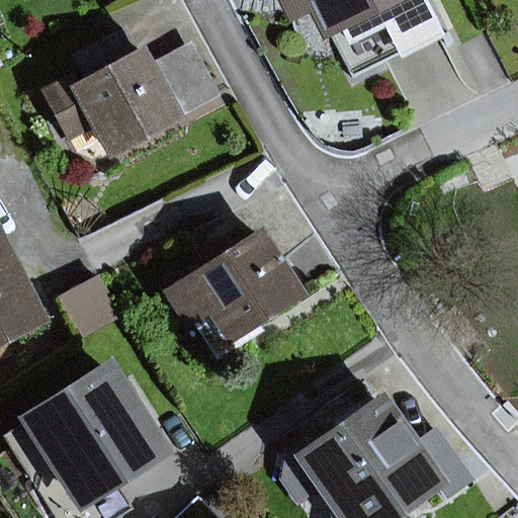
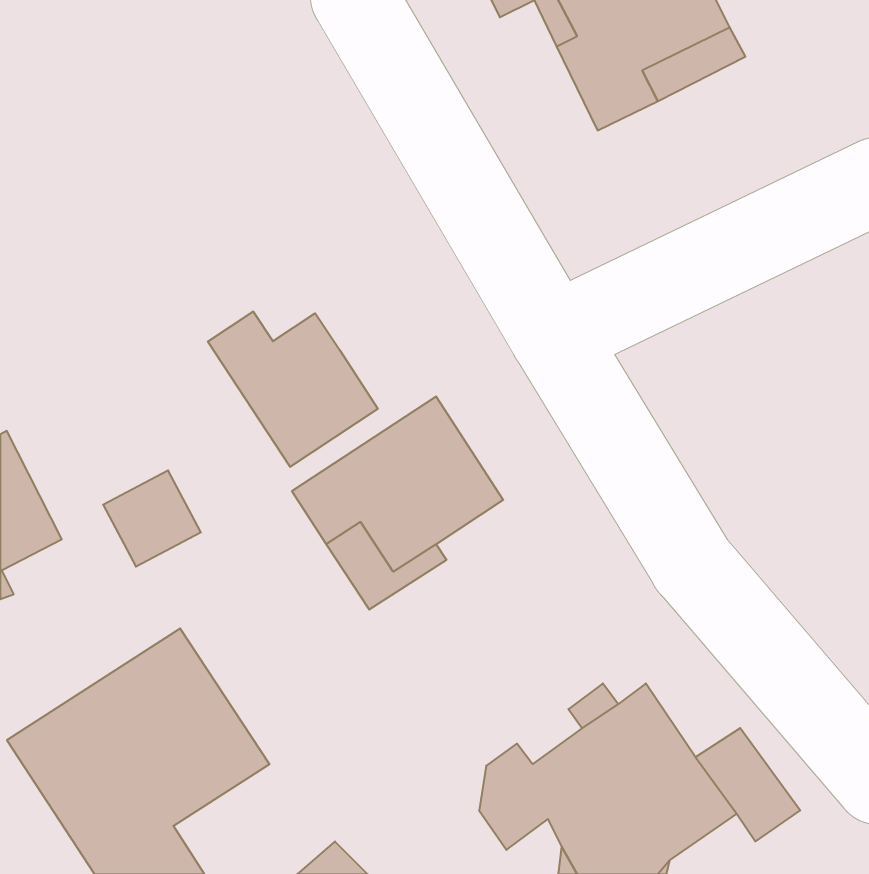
building: [50,27,221,151] -> none
building: none -> [208,311,378,467]

